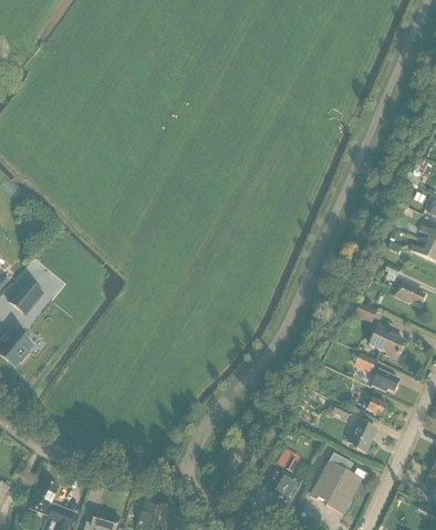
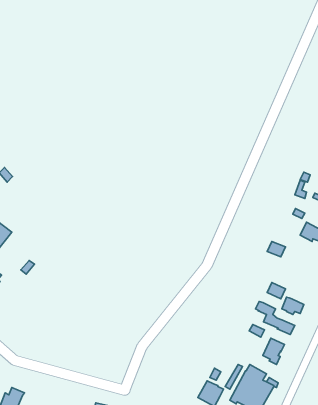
building: [368,325,404,360] -> none

